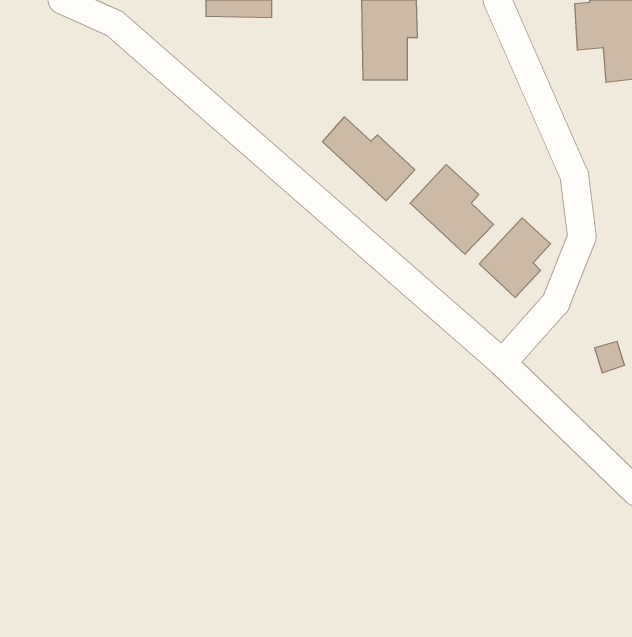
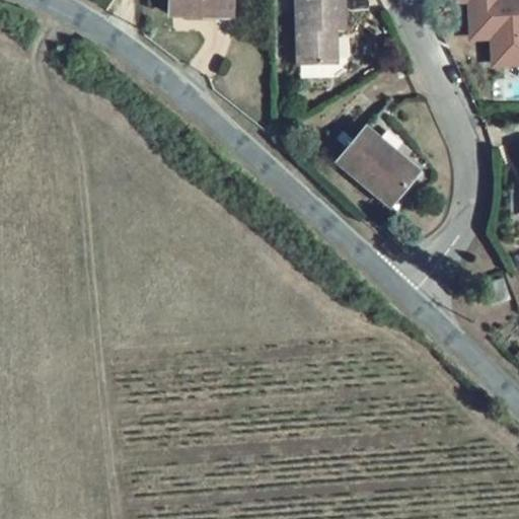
building: [322,117,415,201] -> none
building: [479,218,551,297] -> none

